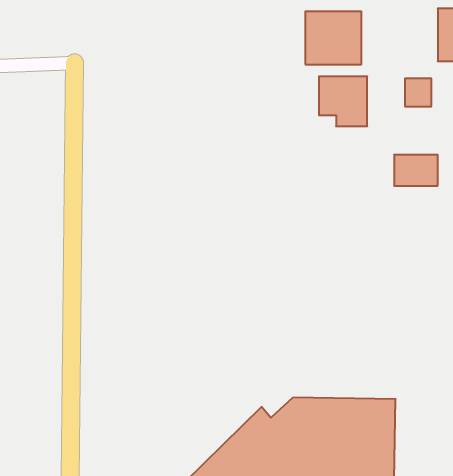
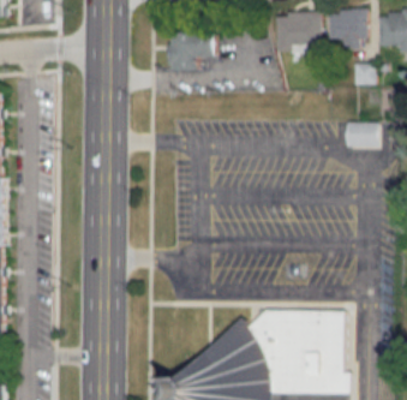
building: none -> [167,34,215,71]
building: [319,76,367,126] -> [328,10,365,48]

